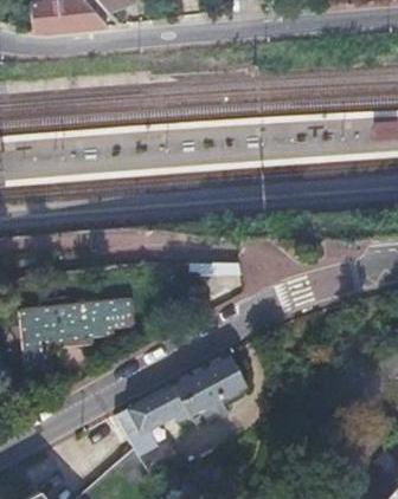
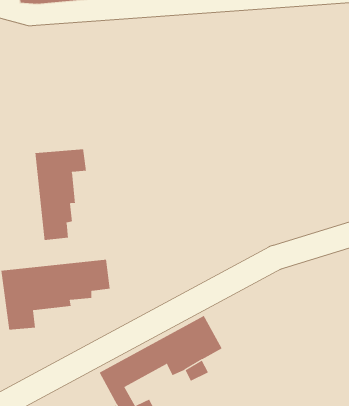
building: none -> [35,149,86,241]

